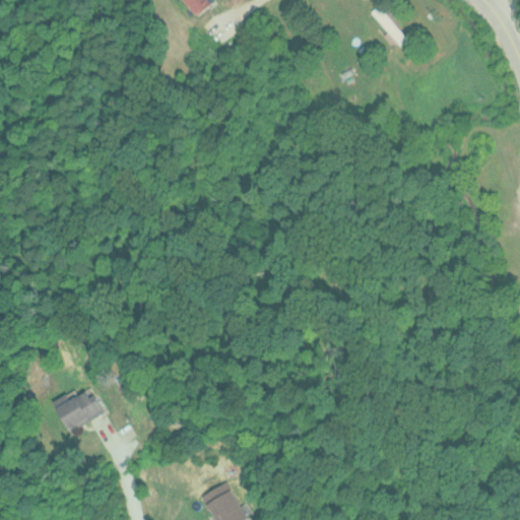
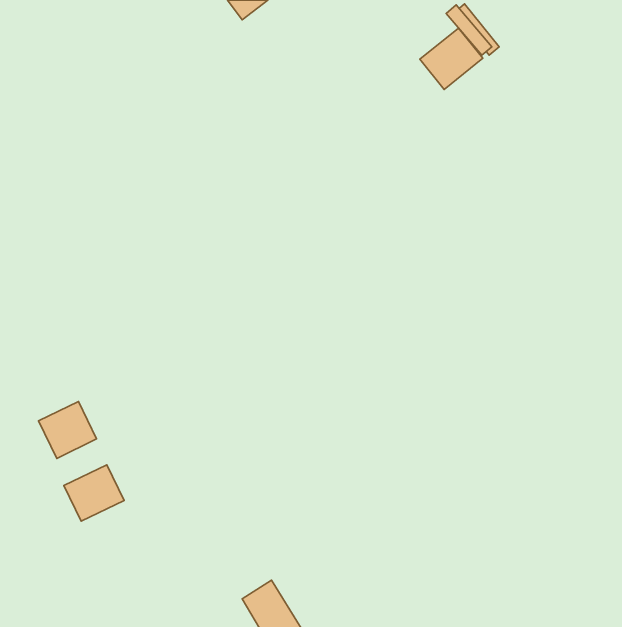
building: none -> [420,28,483,89]
building: none -> [39,401,97,458]

